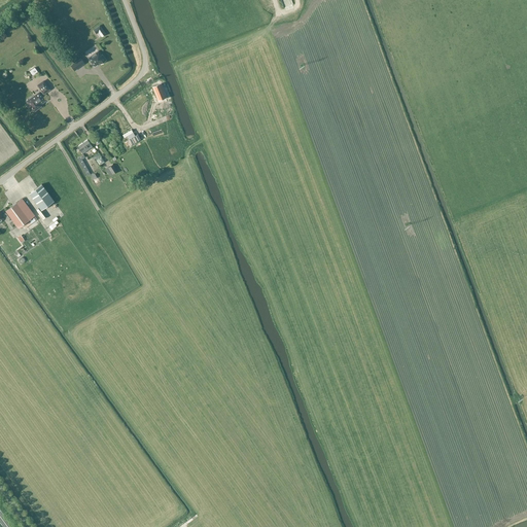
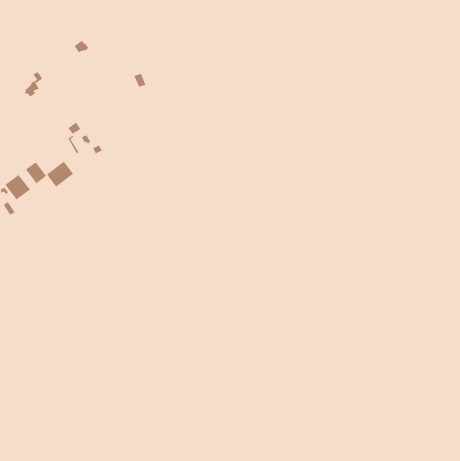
building: none -> [46,161,74,187]

